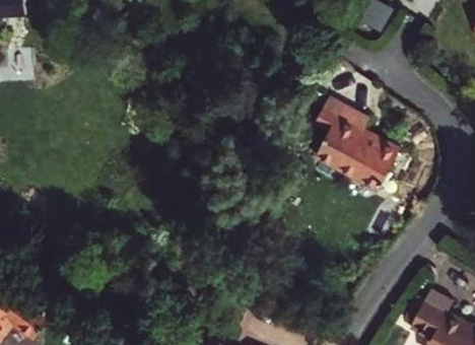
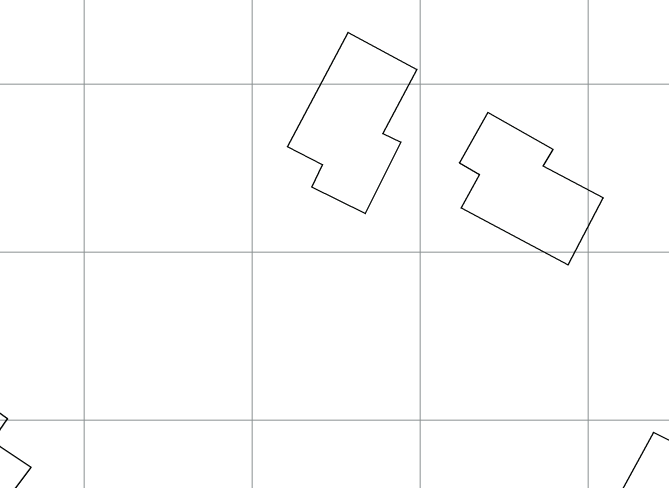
building: none -> [287,32,417,214]

